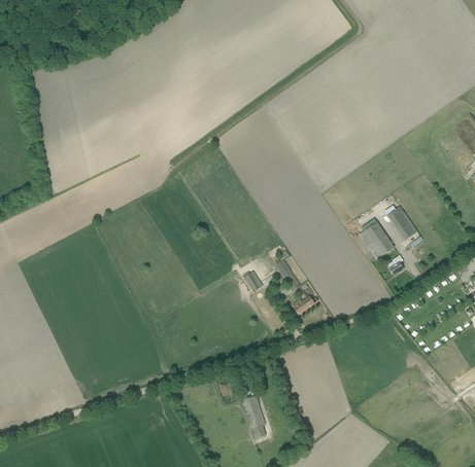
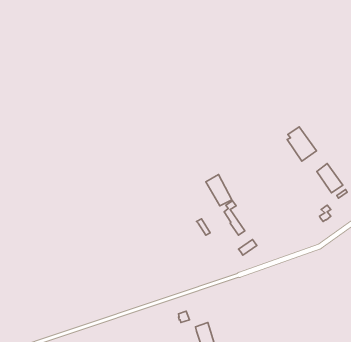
building: [361,218,396,259] -> [287,127,316,161]
building: none -> [206,175,232,206]

